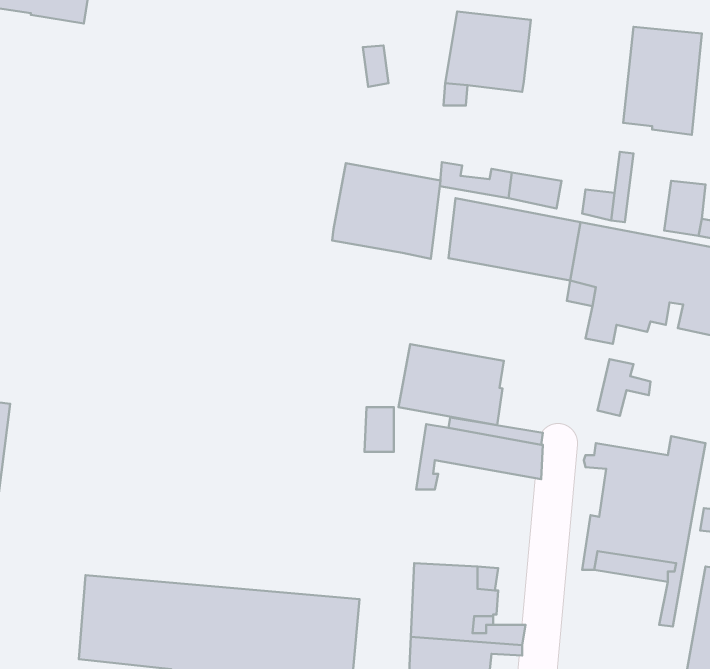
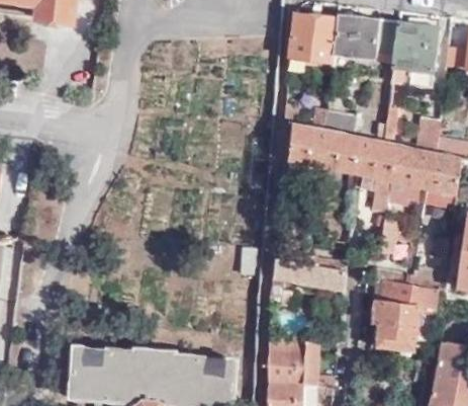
building: none -> [334,14,399,60]
building: [332,163,440,259] -> none
building: [399,344,504,425] -> none

